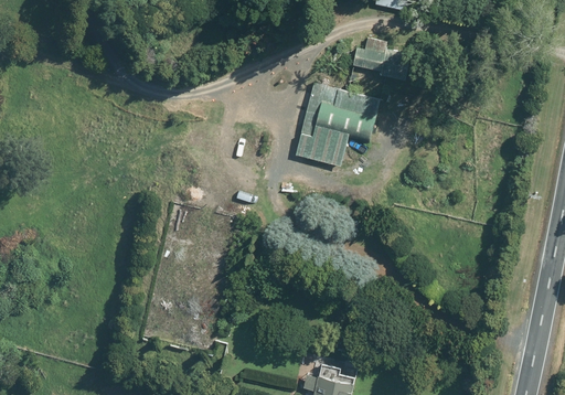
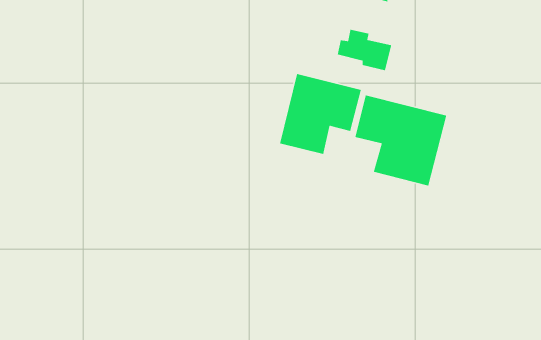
building: none -> [355,95,447,187]

